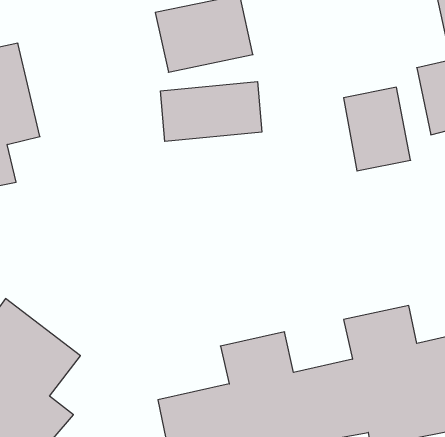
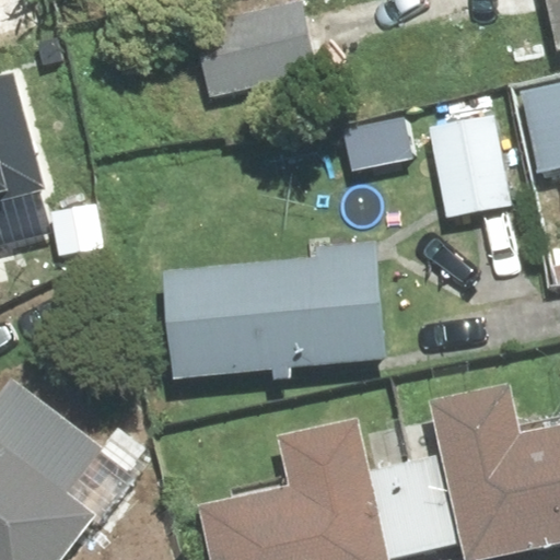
building: [161,82,262,141] -> none
building: none -> [161,243,385,380]

